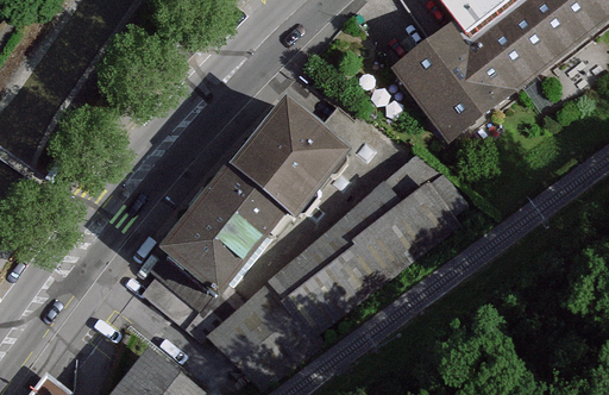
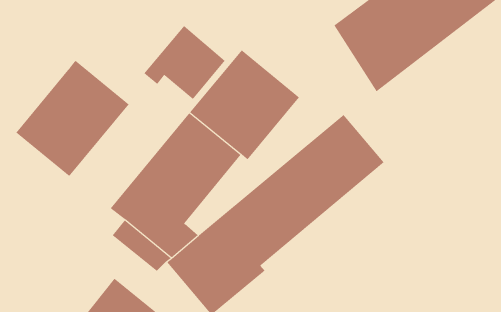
building: none -> [144,25,226,100]
building: none -> [15,60,129,177]

